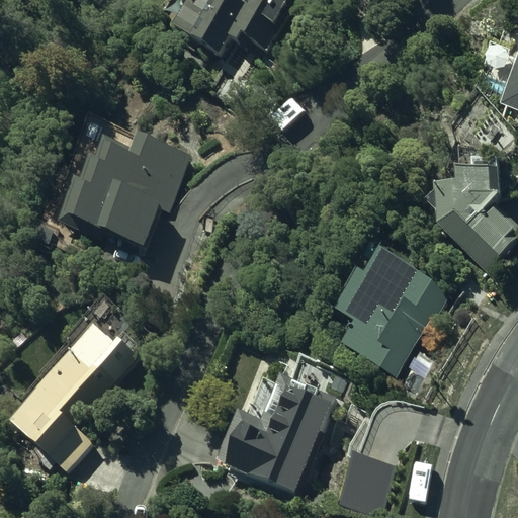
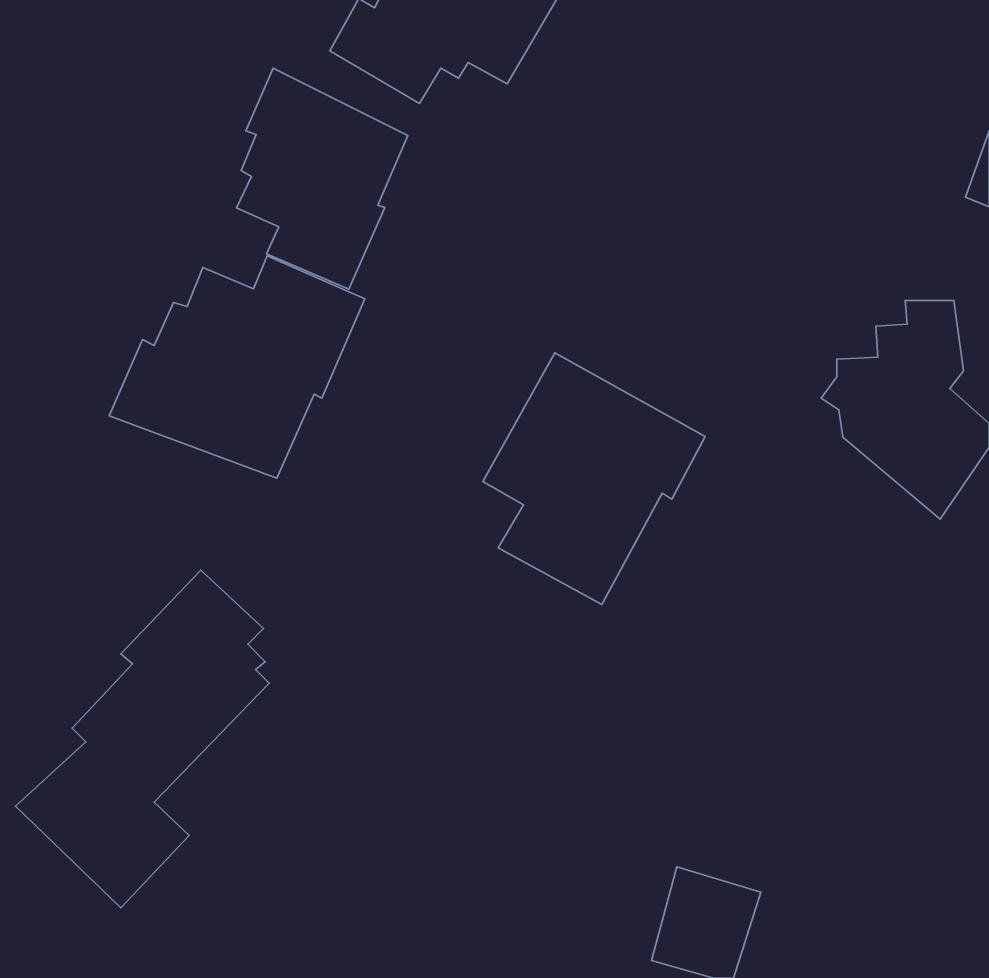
building: none -> [237,68,408,289]
building: [333,242,448,372] -> [483,353,705,605]
building: [218,371,337,493] -> none

